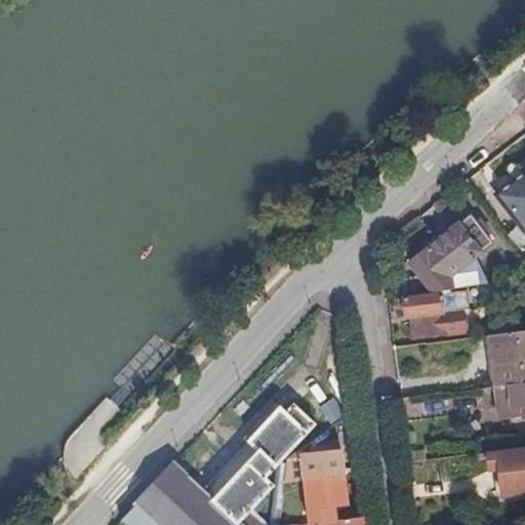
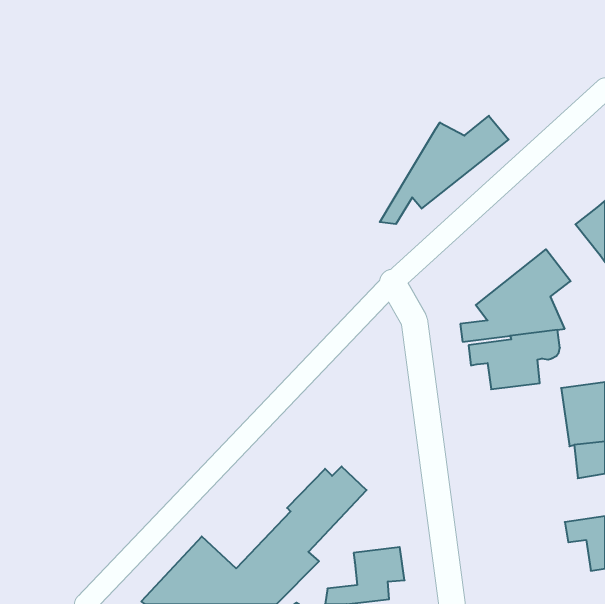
building: none -> [380,116,509,224]
building: [286,451,346,480] -> none

